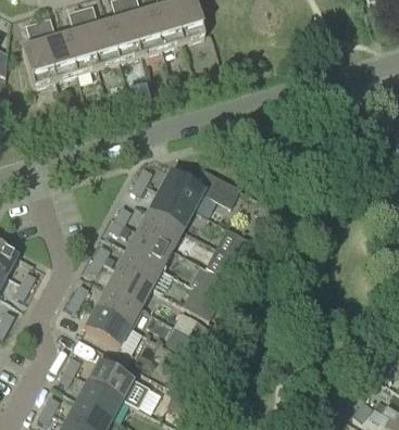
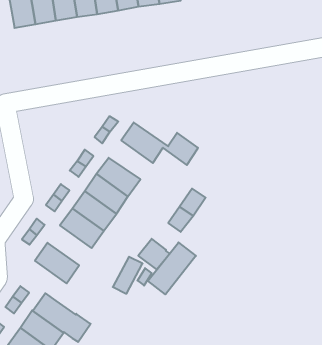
building: [148,190,195,228] -> none
building: [95,287,141,326] -> none
building: none -> [148,242,196,294]

